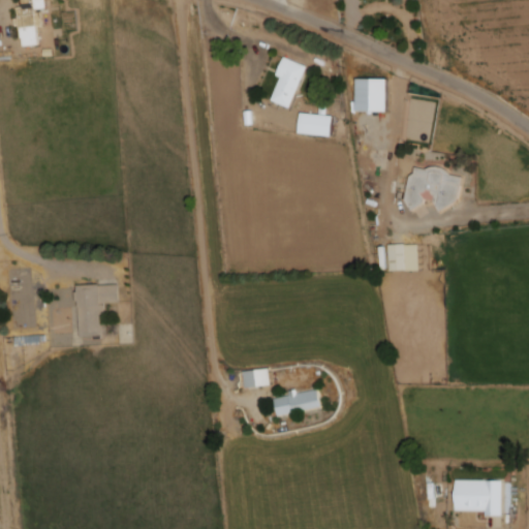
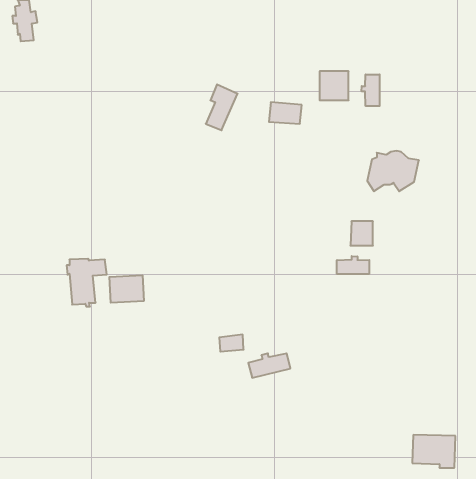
building: [270,57,305,107] -> [206,84,238,130]
building: none -> [362,74,380,106]
building: none -> [337,256,369,274]
building: none -> [109,275,144,303]

